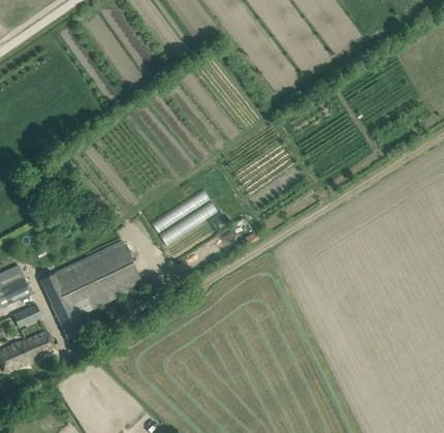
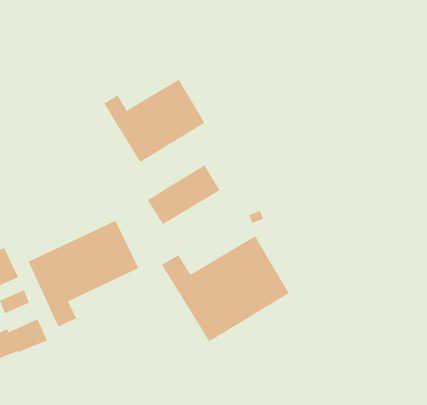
building: none -> [103,79,205,163]
building: none -> [161,235,289,342]

